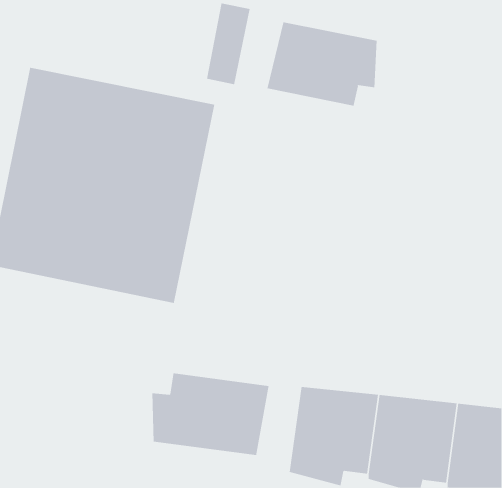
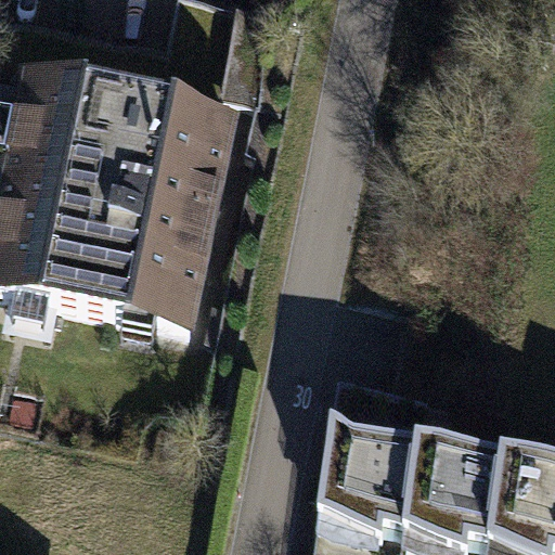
building: [267,21,377,106] -> none
building: [152,373,269,456] -> none

